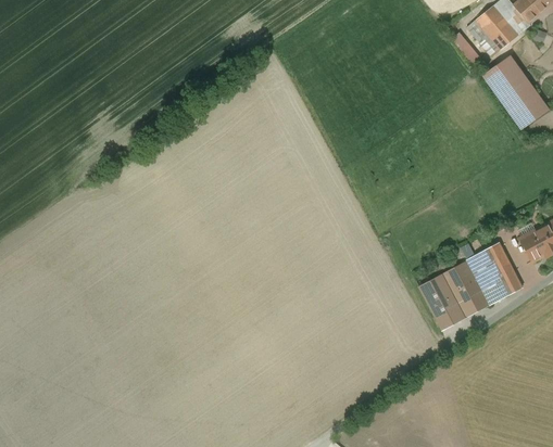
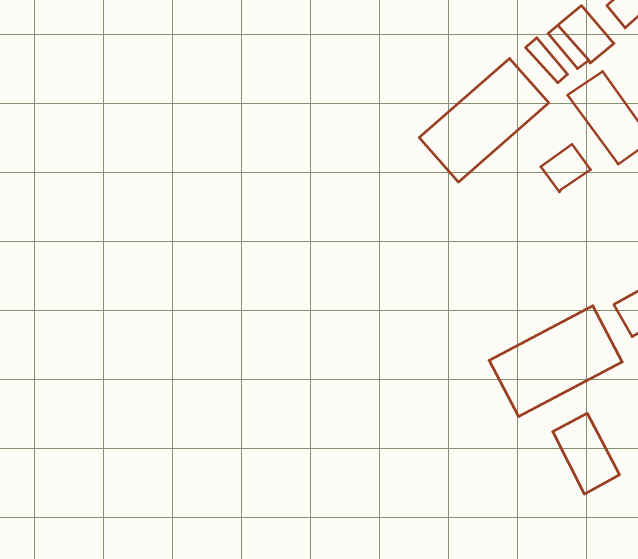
building: none -> [419,58,549,182]
building: none -> [541,144,591,192]
building: none -> [553,413,619,494]

